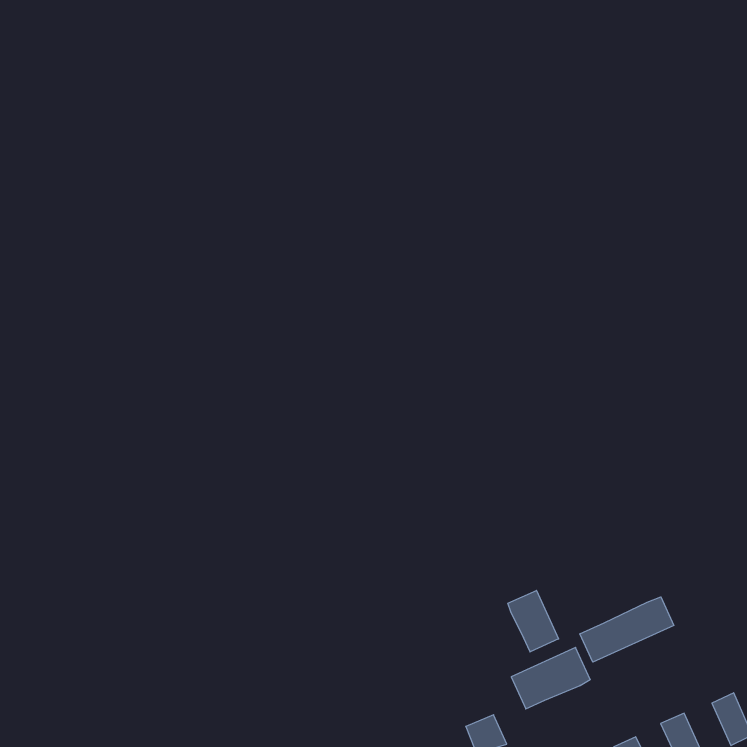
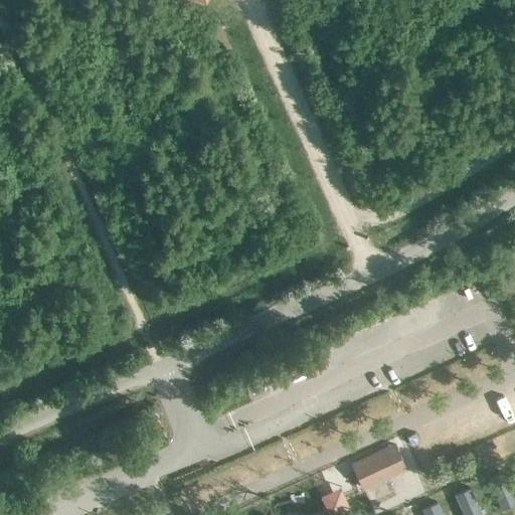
building: [508,590,559,652] -> none
building: [580,597,674,662] -> none

